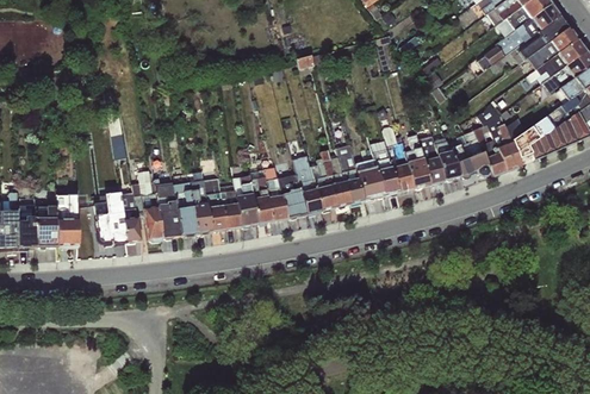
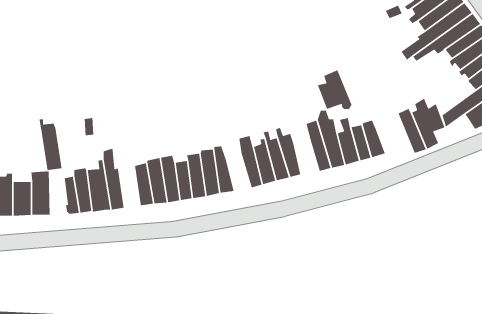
building: [451,130,491,176] -> [317,69,353,110]
building: [529,131,563,161] -> none
building: [356,161,385,200] -> none
building: [279,176,308,219] -> none
building: [154,179,181,238] -> [38,118,62,171]

